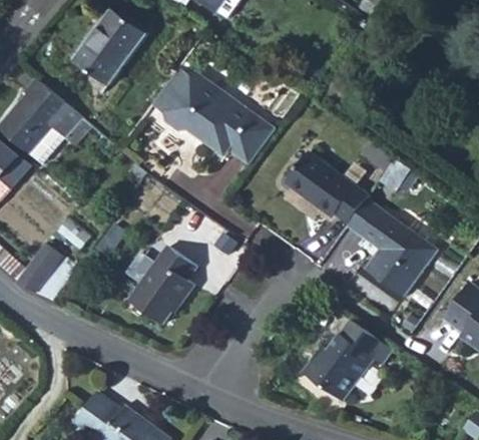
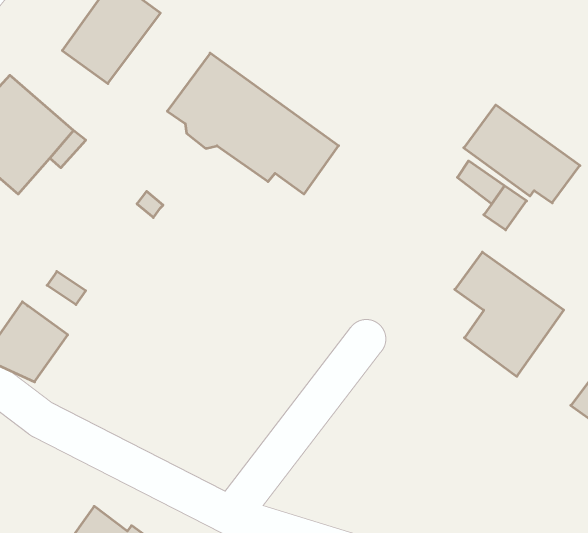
building: [284,151,368,223] -> [464,105,580,203]
building: [128,246,194,324] -> none
building: [302,320,392,401] -> none

